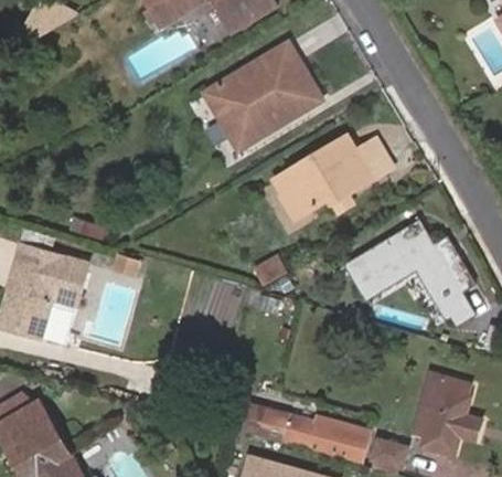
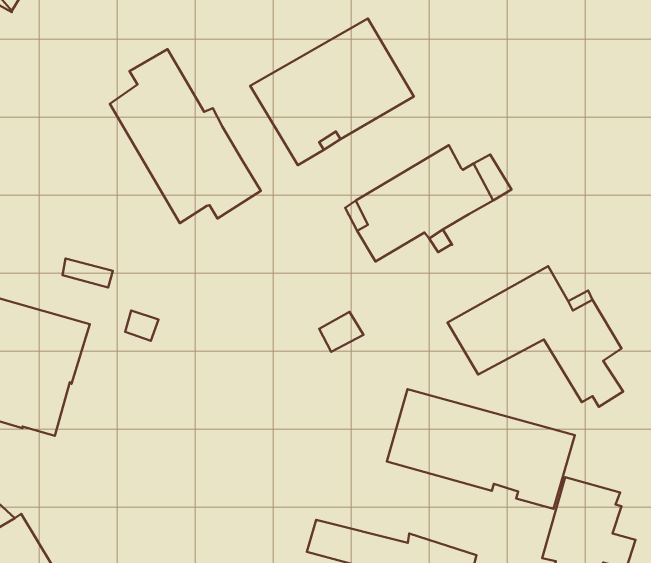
building: none -> [110,49,261,223]
building: none -> [387,389,575,509]

